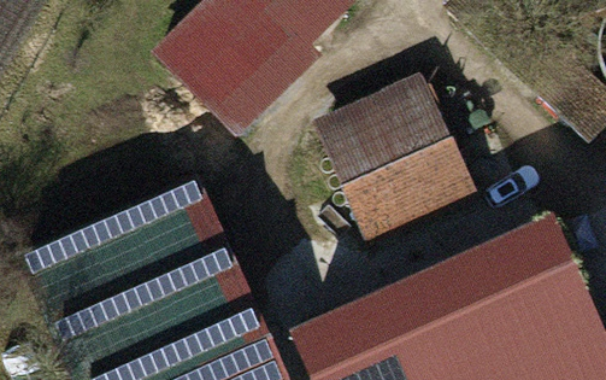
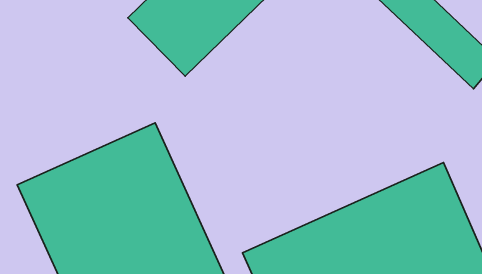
building: [326,83,473,235] -> none

